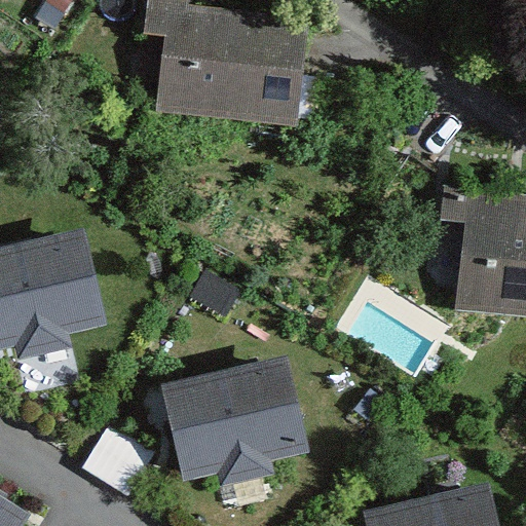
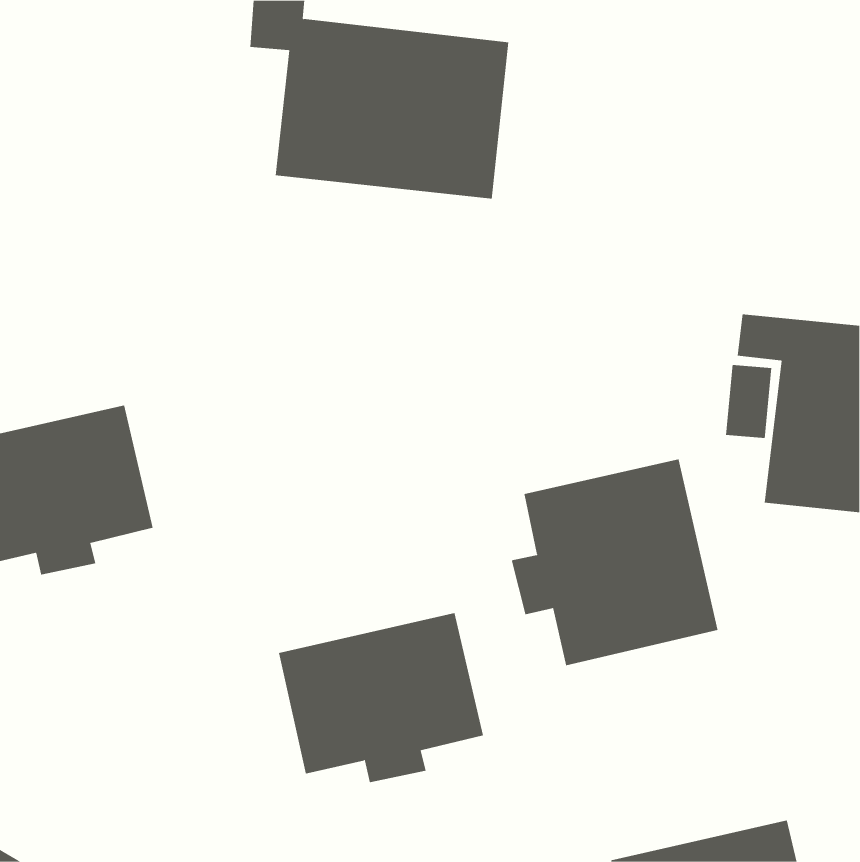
building: none -> [511,459,718,666]

